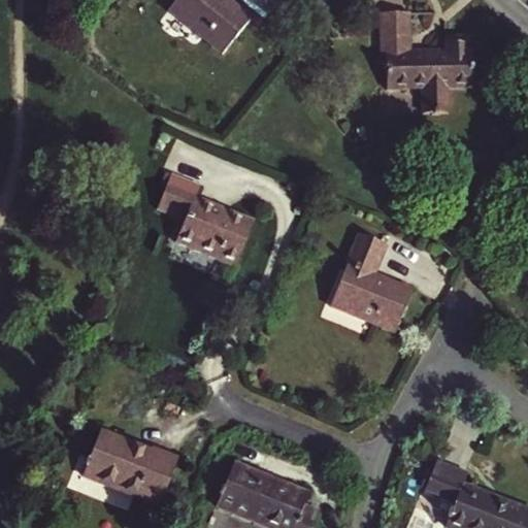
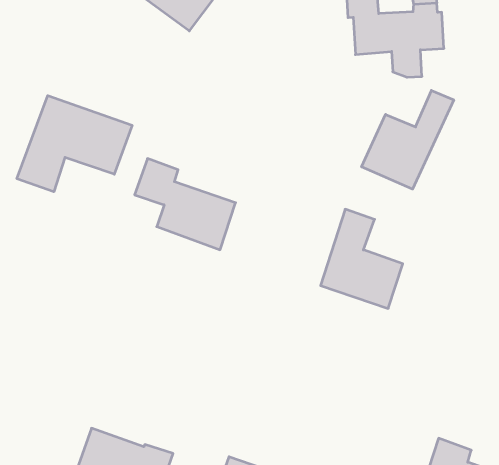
building: none -> [17,96,132,192]
building: none -> [362,90,454,189]

